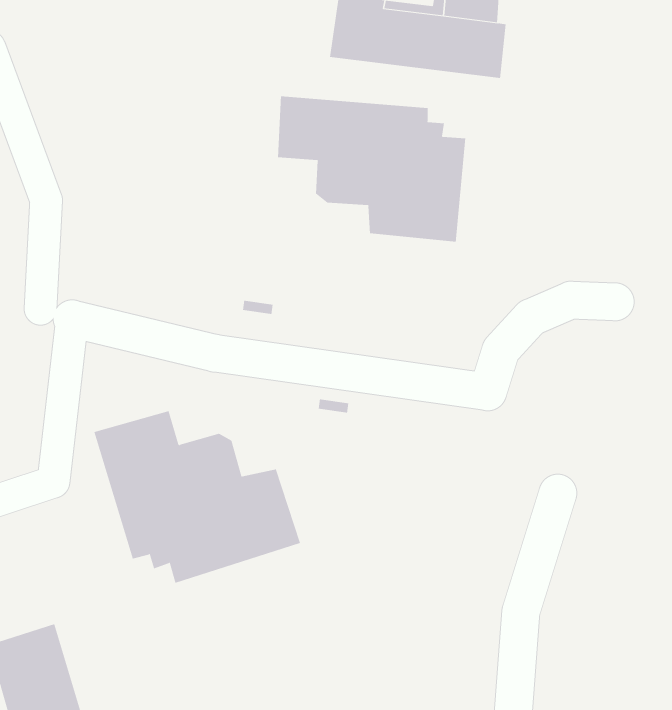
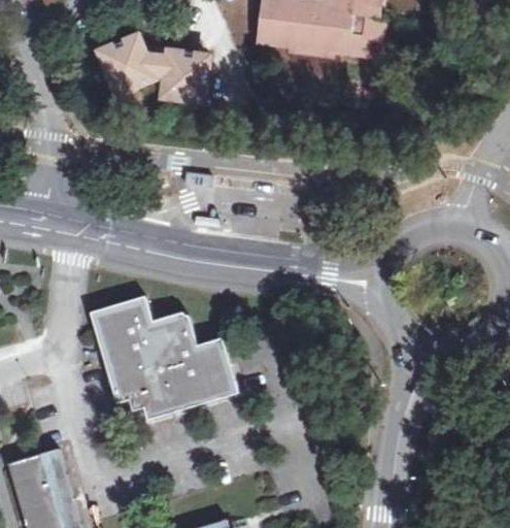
building: none -> [99,34,213,103]
building: [278,95,466,242] -> none

